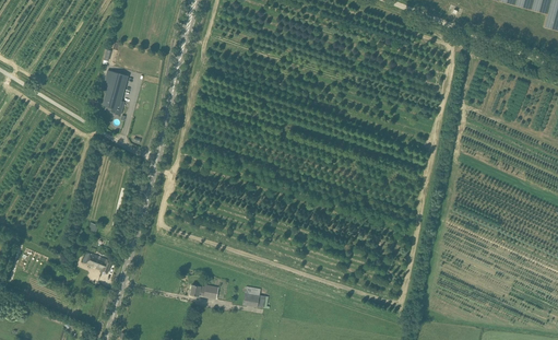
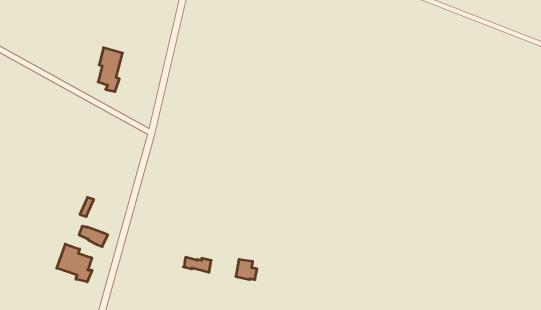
building: none -> [57,244,92,282]

